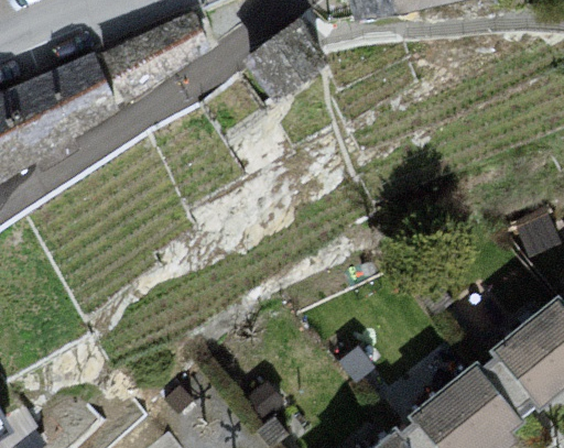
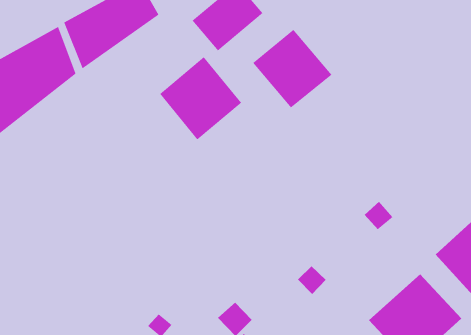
building: none -> [252,29,332,109]
building: none -> [159,56,242,140]

